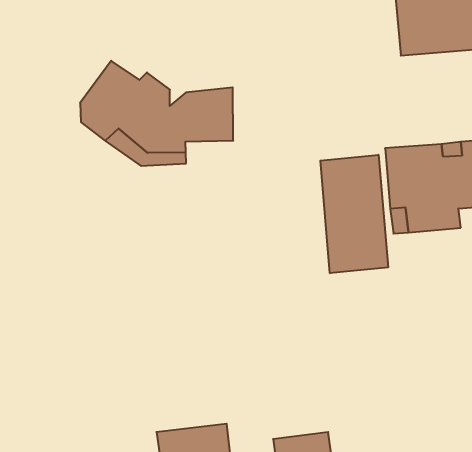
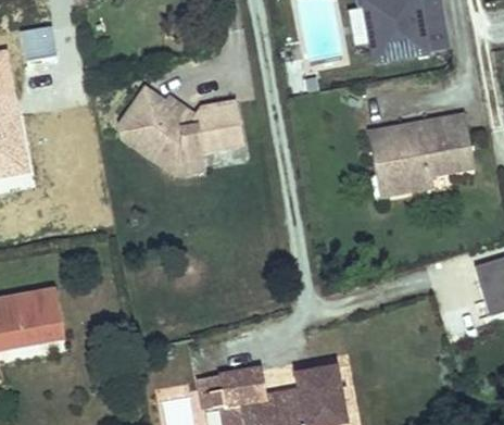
building: [320,155,388,273] -> none

